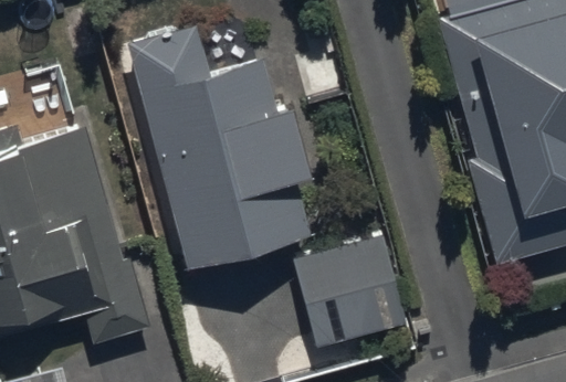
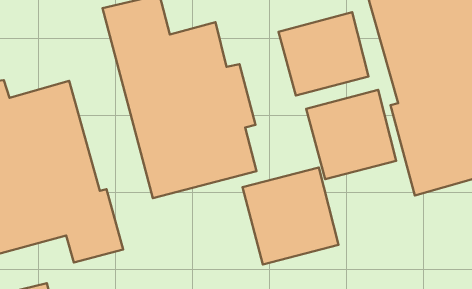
building: none -> [279,12,368,96]
building: none -> [306,90,396,179]

